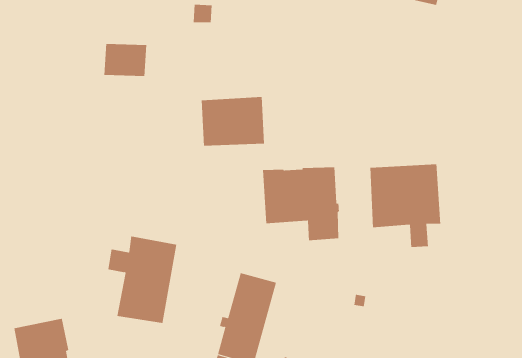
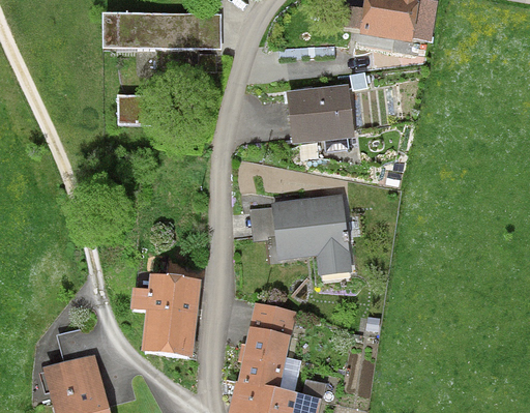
building: [201,96,265,146] -> [288,87,351,138]
building: [370,163,441,248] -> none

